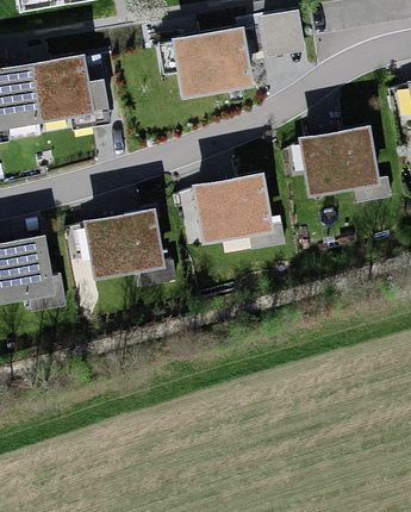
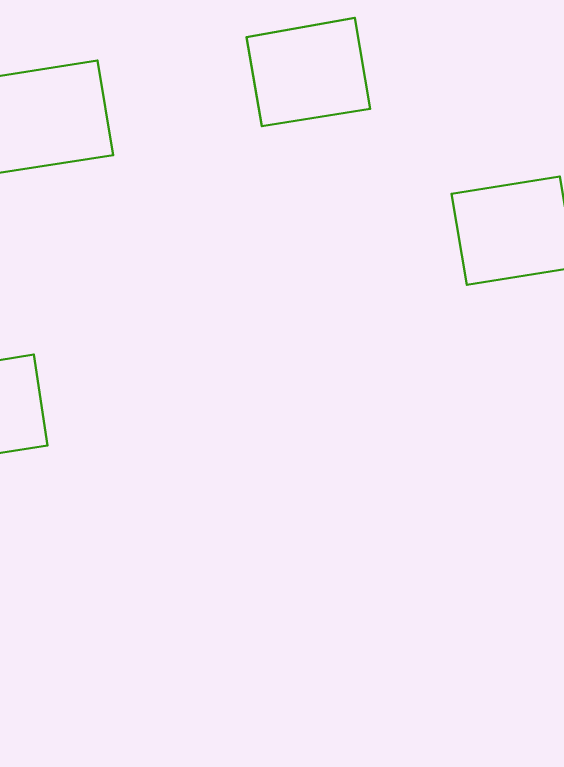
building: [194,174,269,241] -> none
building: [88,211,163,276] -> none

